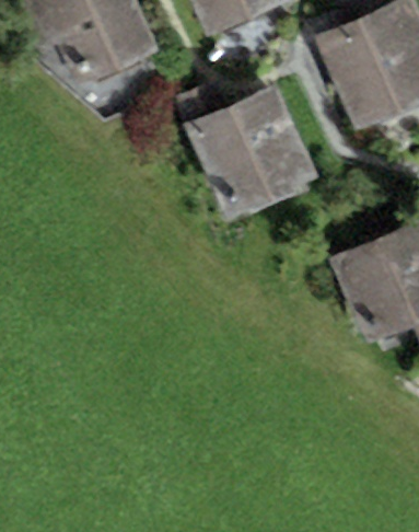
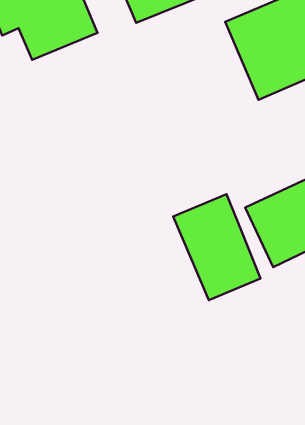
building: [174,88,319,225] -> none
building: none -> [173,194,260,300]

